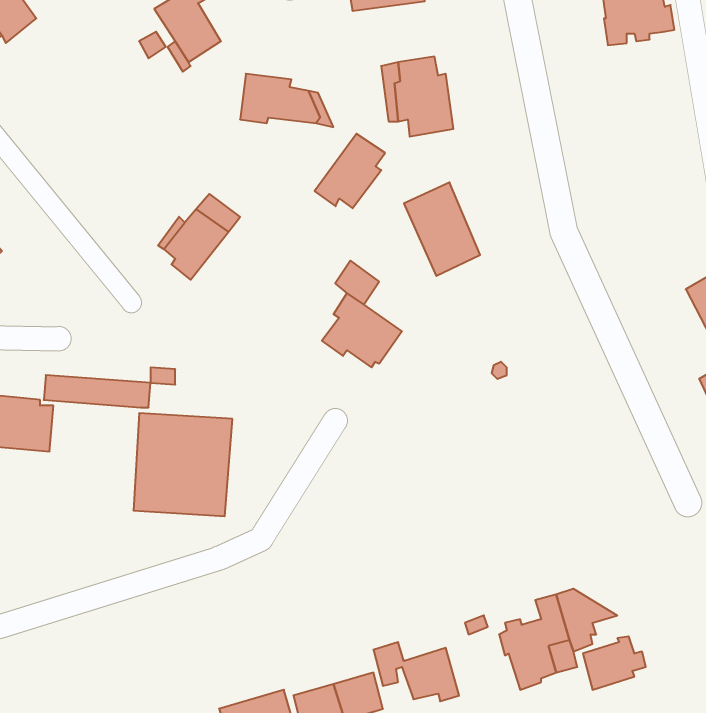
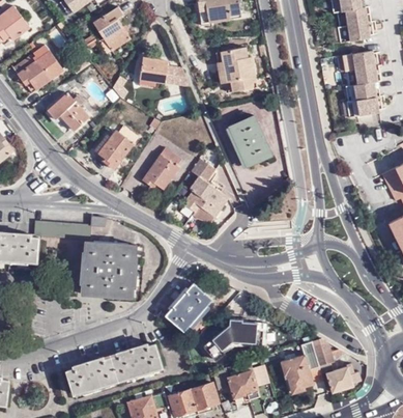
building: none -> [13,47,62,92]
building: none -> [343,51,385,115]
building: [315,134,385,208] -> [142,148,180,189]
building: none -> [48,92,89,131]
building: none -> [166,283,211,331]
building: none -> [204,319,261,360]
building: none -> [67,344,162,394]

